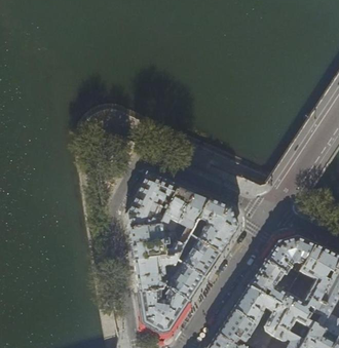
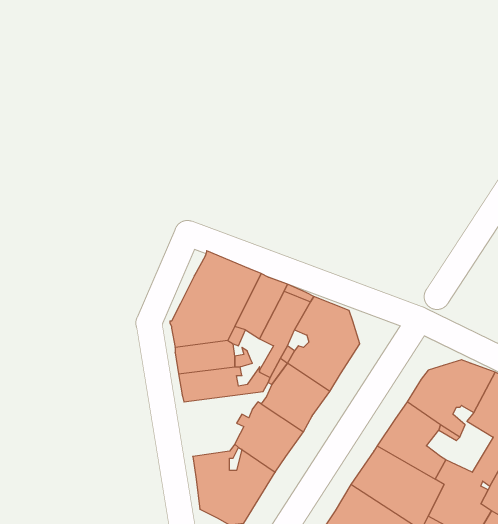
building: [136,256,182,294] -> none

